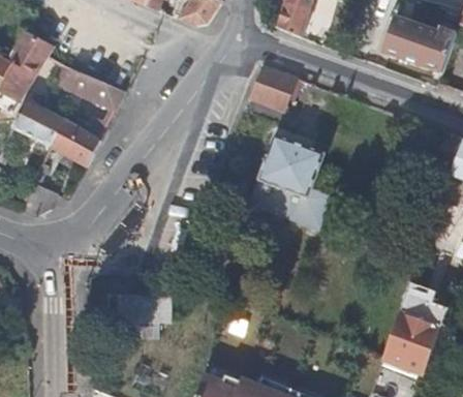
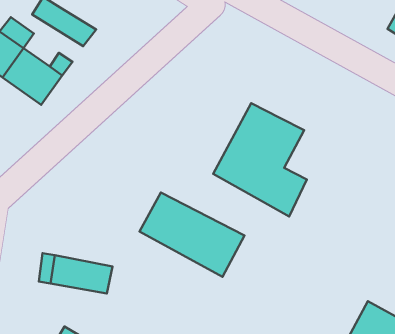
building: [246,64,292,112] -> none
building: none -> [139,192,245,277]

